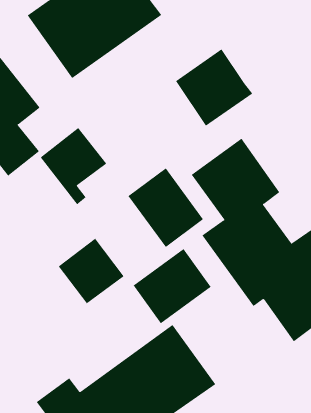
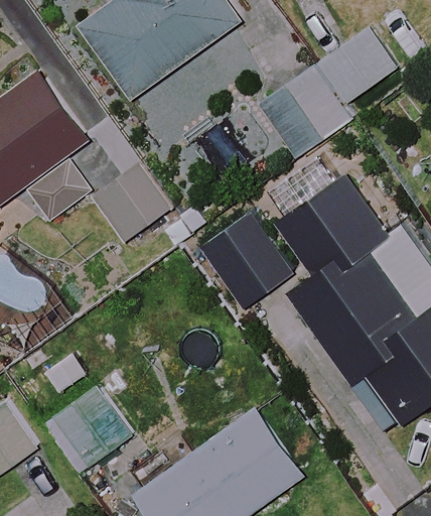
building: none -> [316,11,420,105]
building: [58,238,124,304] -> [50,386,132,468]
building: [133,248,211,324] -> none

